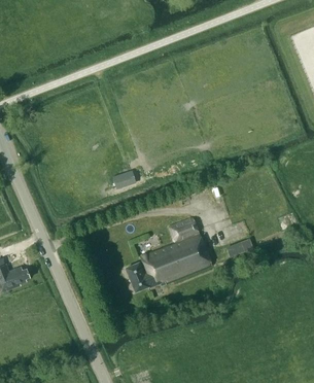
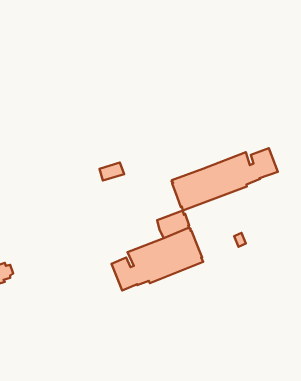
building: none -> [172,148,278,210]

